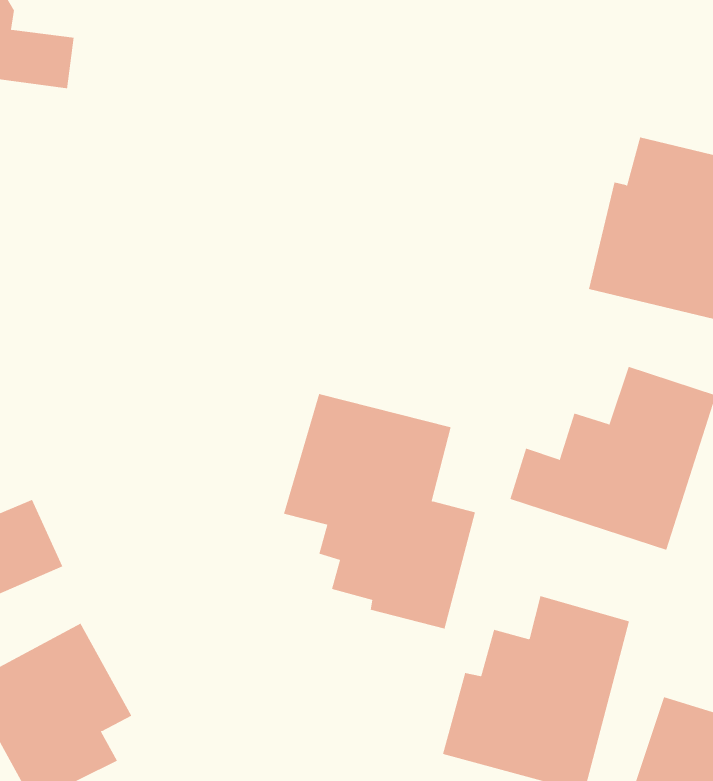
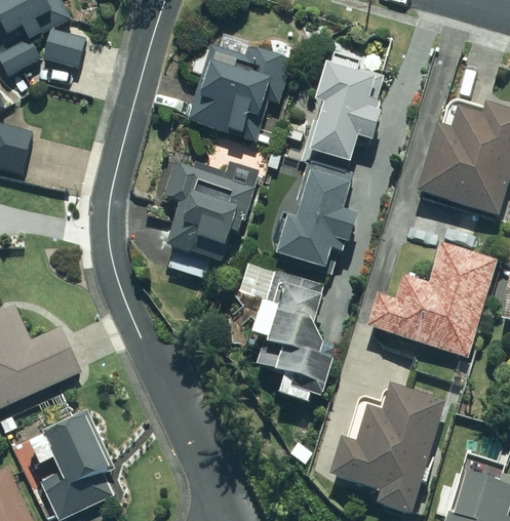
building: none -> [185,42,298,138]
building: none -> [266,49,386,271]
building: none -> [162,155,269,276]

